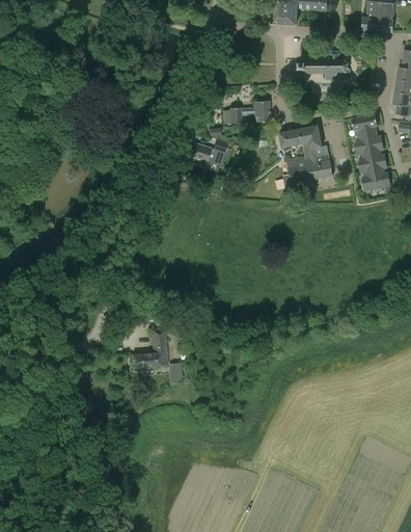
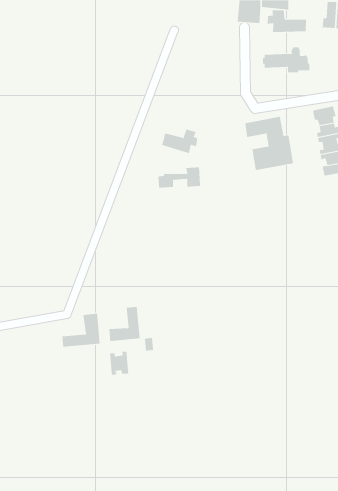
building: none -> [267,10,307,33]
building: [222,101,269,124] -> [157,167,201,188]
building: none -> [62,313,100,348]
building: none -> [110,351,129,376]

